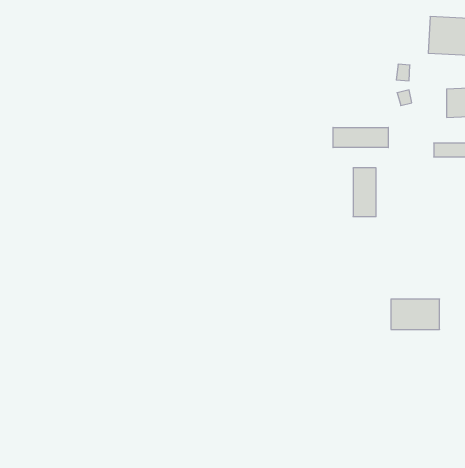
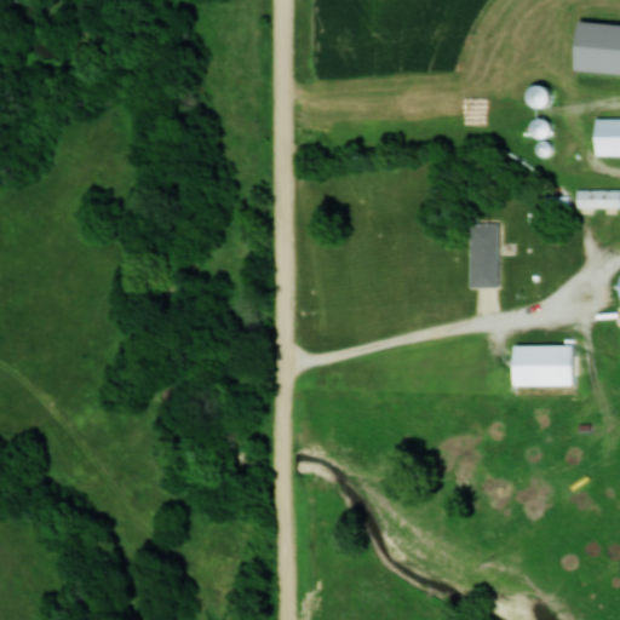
building: [333,127,388,148] -> none
building: [391,299,440,329] -> [511,345,575,385]

